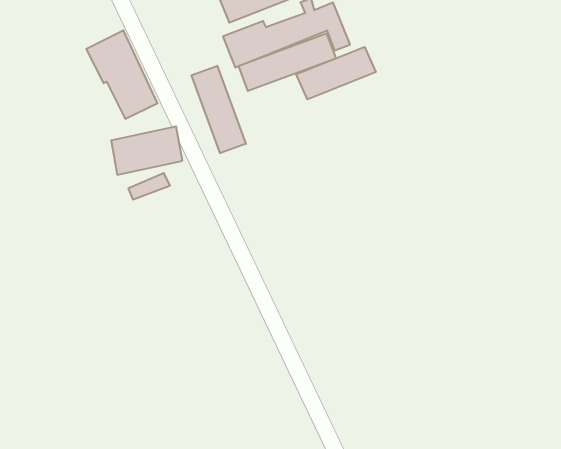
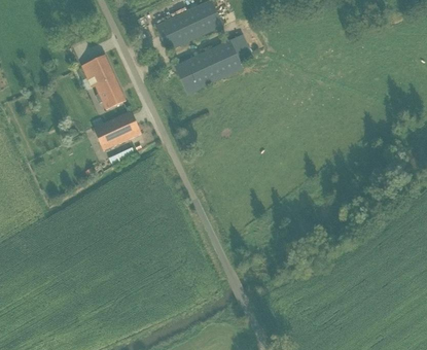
building: [296,47,376,99] -> none
building: [191,66,246,153] -> none

